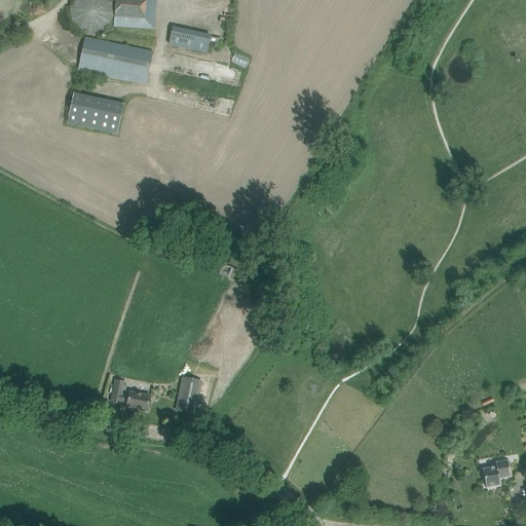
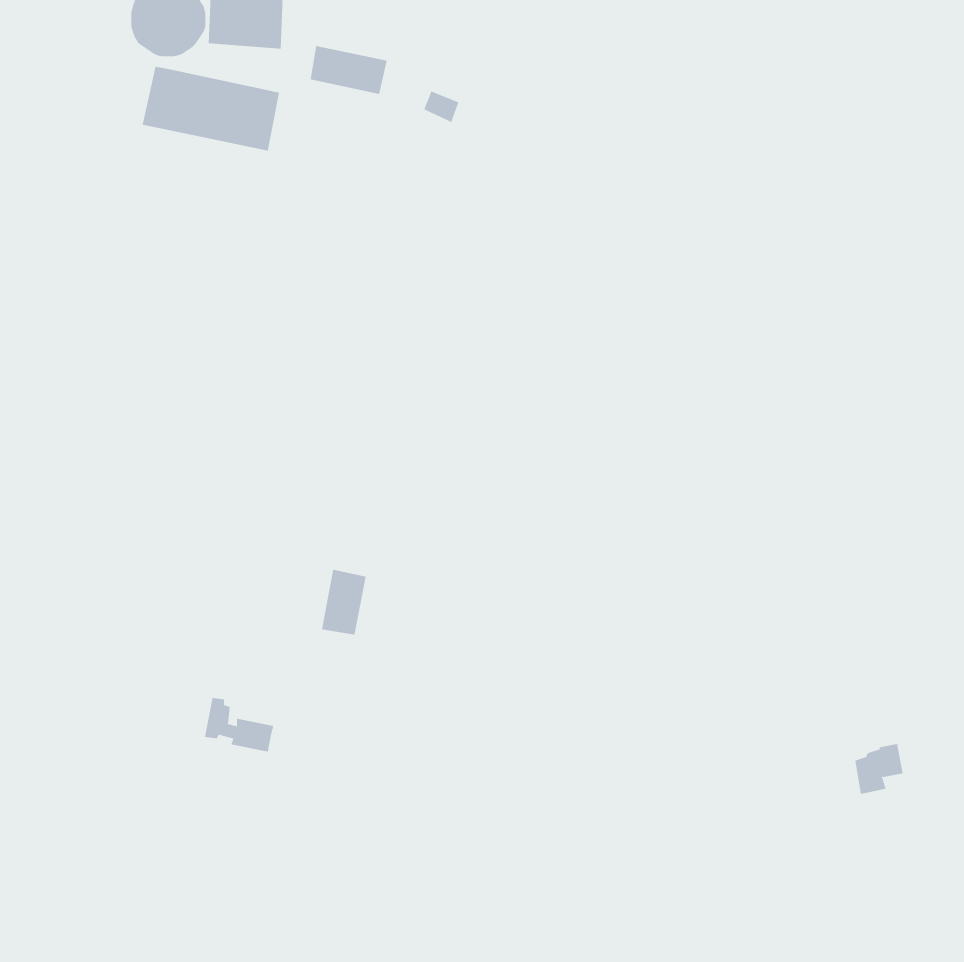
building: [66,91,123,134] -> none
building: [176,376,200,412] -> [321,569,367,635]
building: [482,458,509,486] -> [854,743,904,794]

